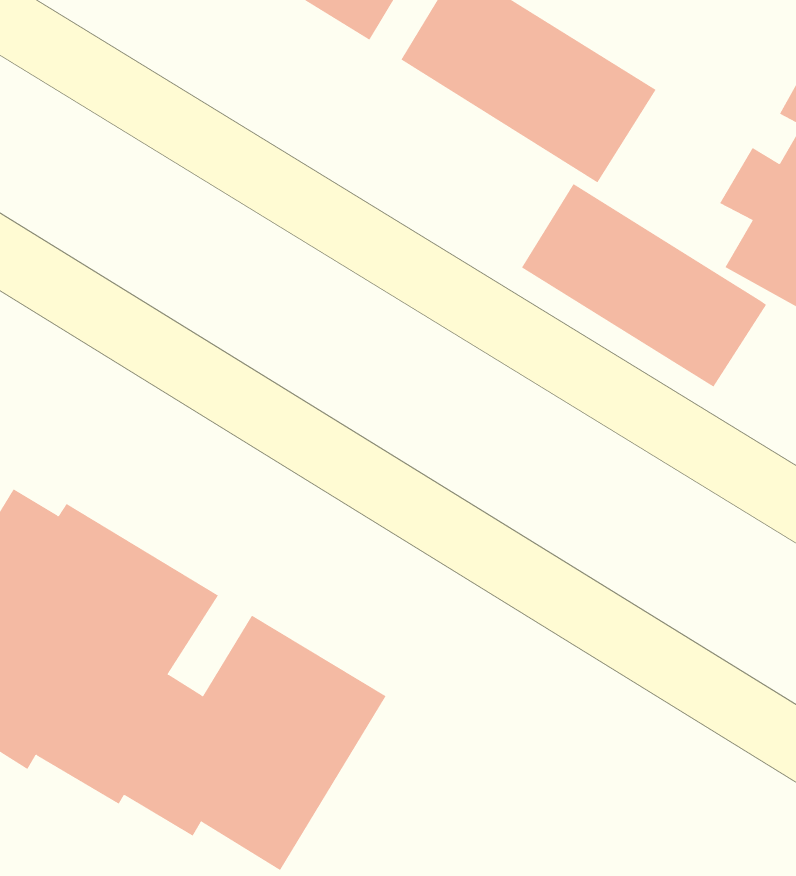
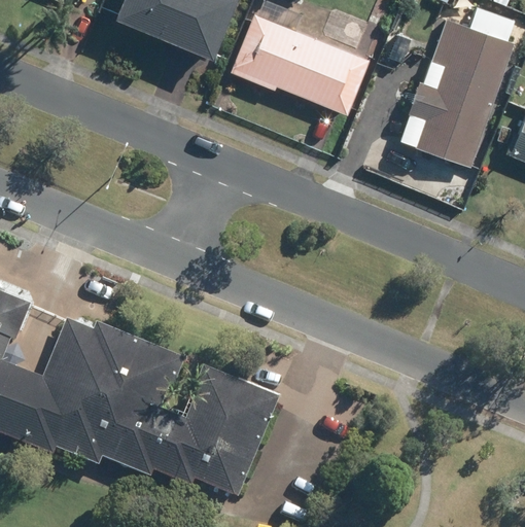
building: [521,183,767,388] -> none

